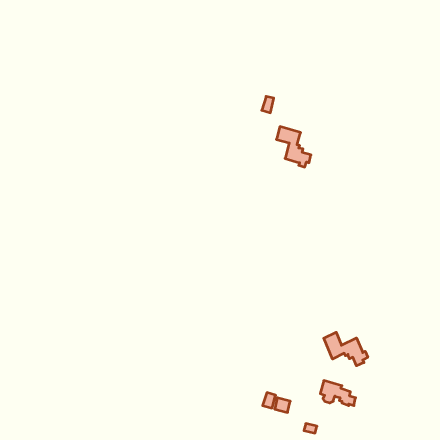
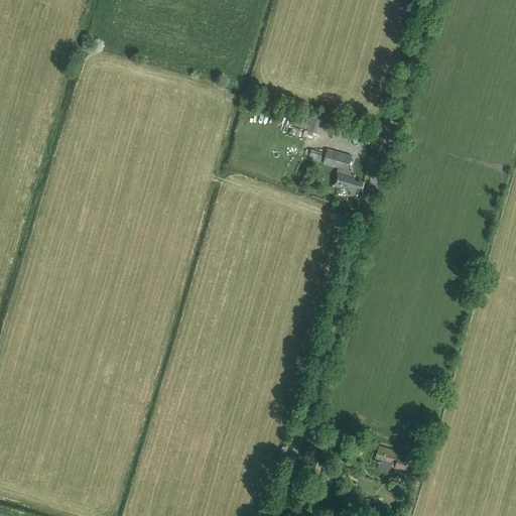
building: [324,332,368,366] -> none

